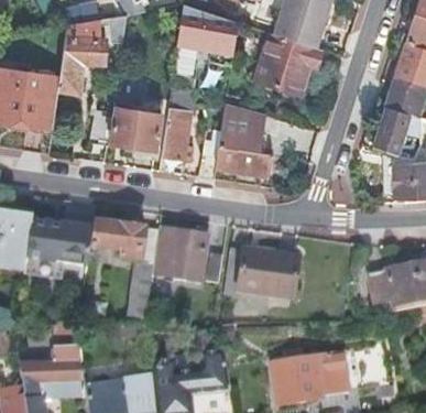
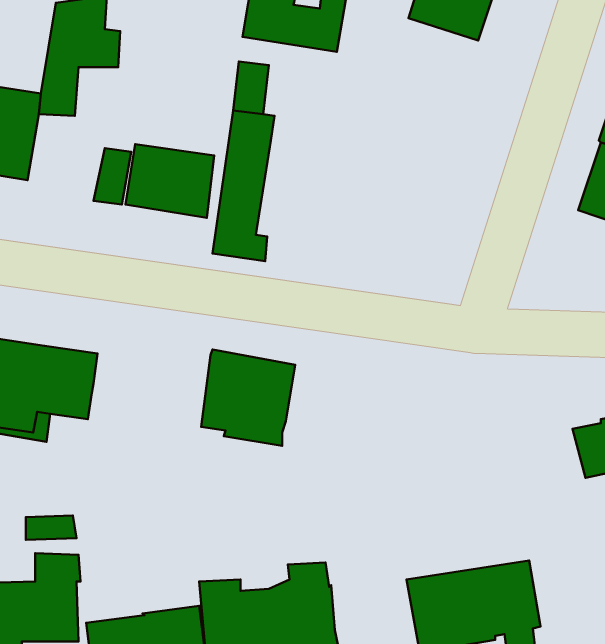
building: [258,32,321,94] -> none
building: [216,100,272,175] -> none
building: [90,221,159,324] -> none
building: [239,250,299,298] -> none

